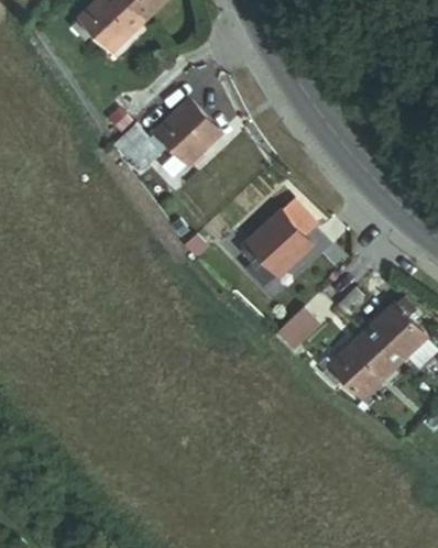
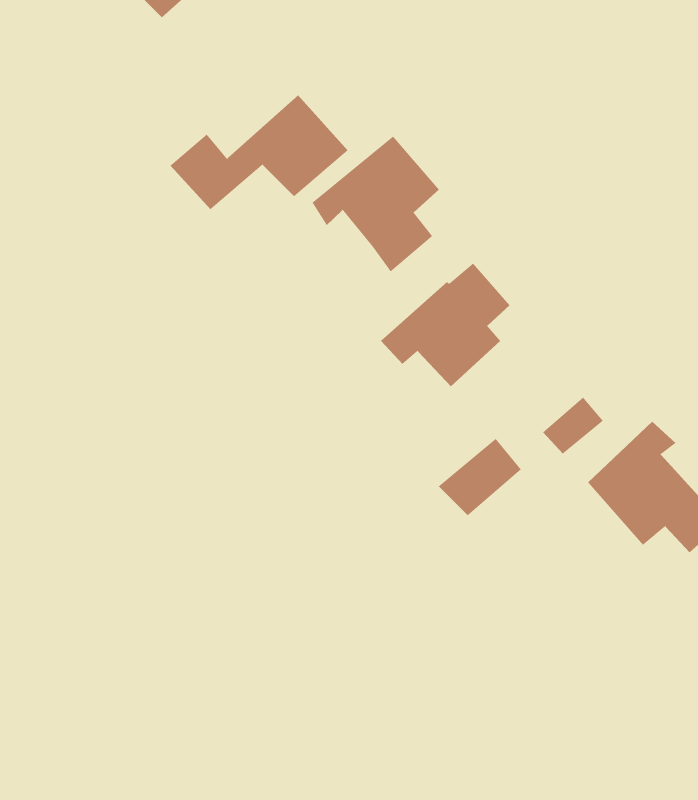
building: none -> [312,135,440,272]
building: [321,330,394,396] -> none

